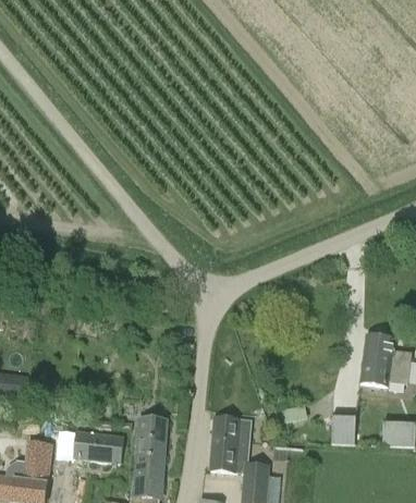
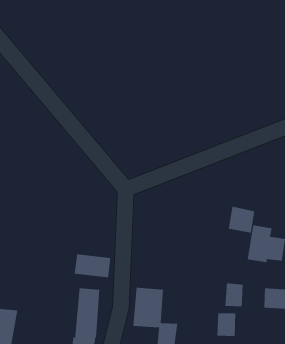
building: none -> [228,206,255,233]
building: [73,431,122,463] -> [74,254,111,278]
building: none -> [217,312,236,337]

